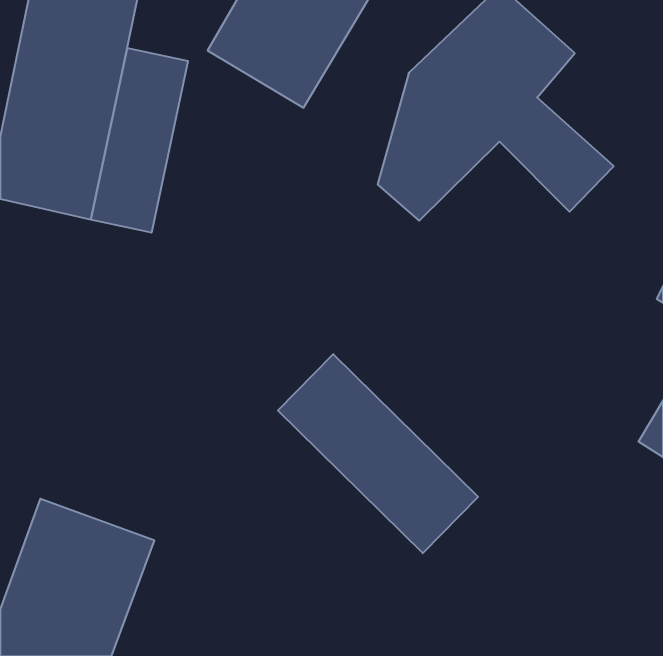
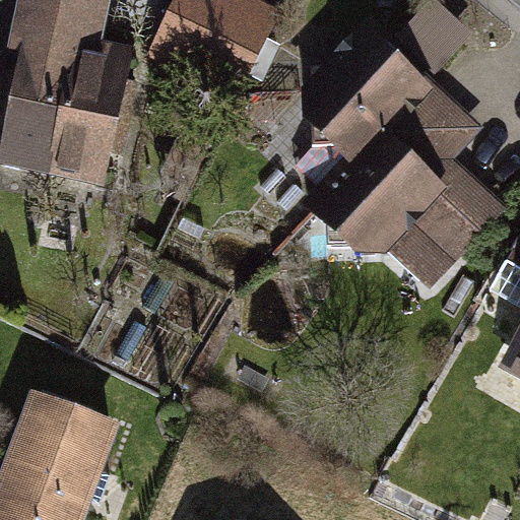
building: none -> [302,111,499,281]
building: [278,354,478,553] -> none

